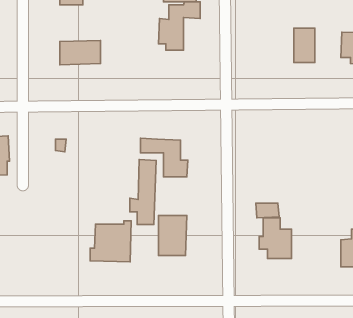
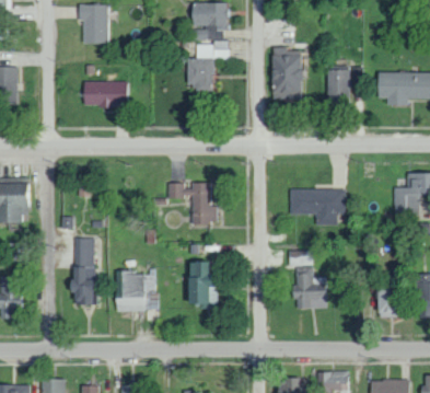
building: none -> [270,48,300,100]
building: none -> [289,189,346,226]
building: [130,160,156,224] -> [68,238,95,305]

